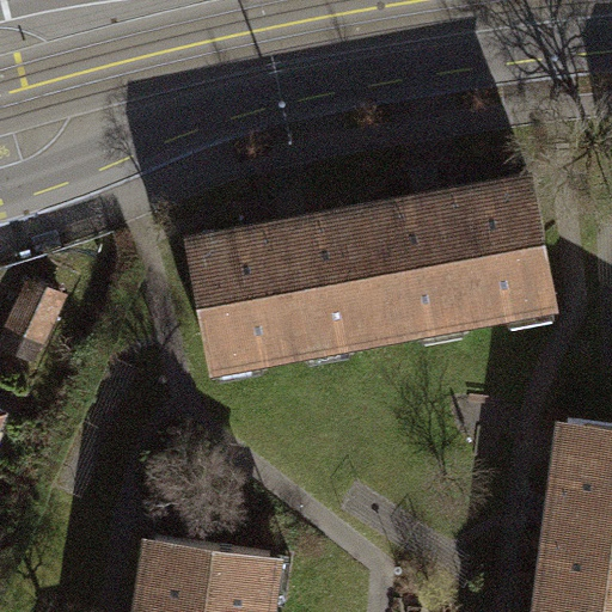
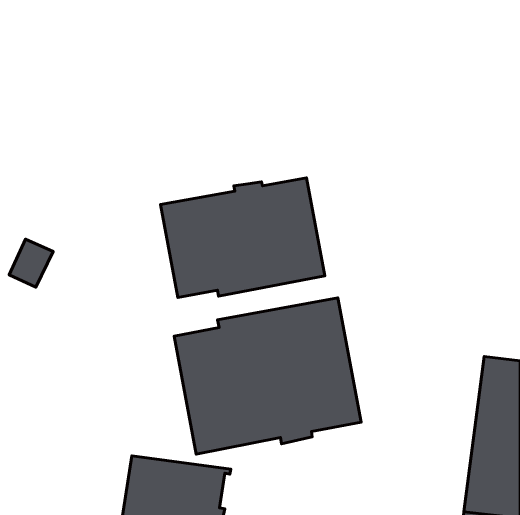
building: [359,184,549,331] -> none
building: none -> [174,298,361,454]

